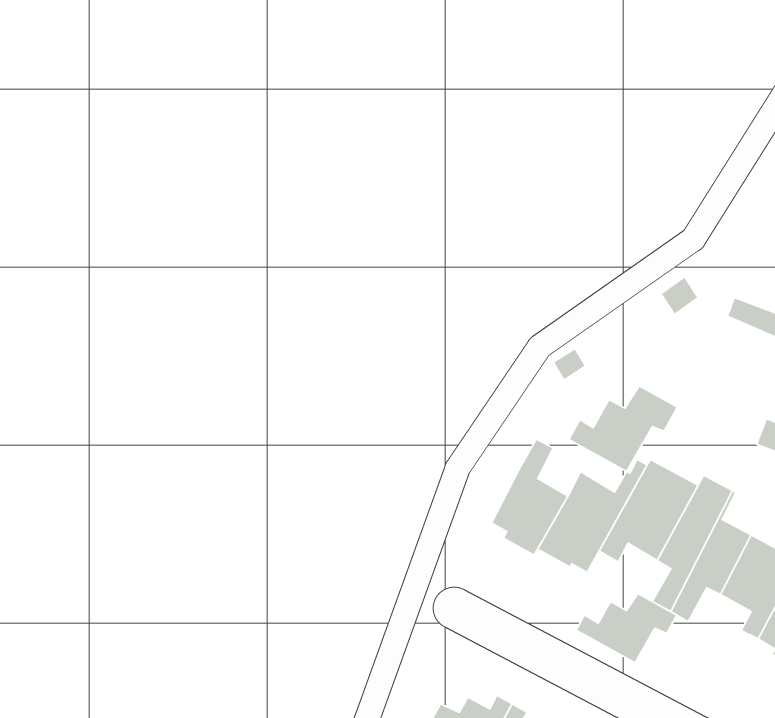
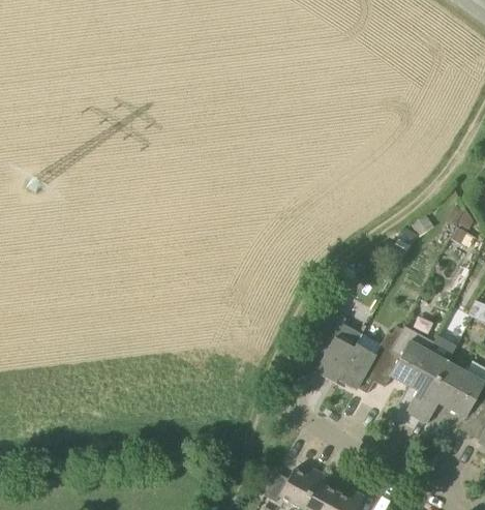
building: [569,386,678,472] -> none
building: [576,593,677,663] -> none

